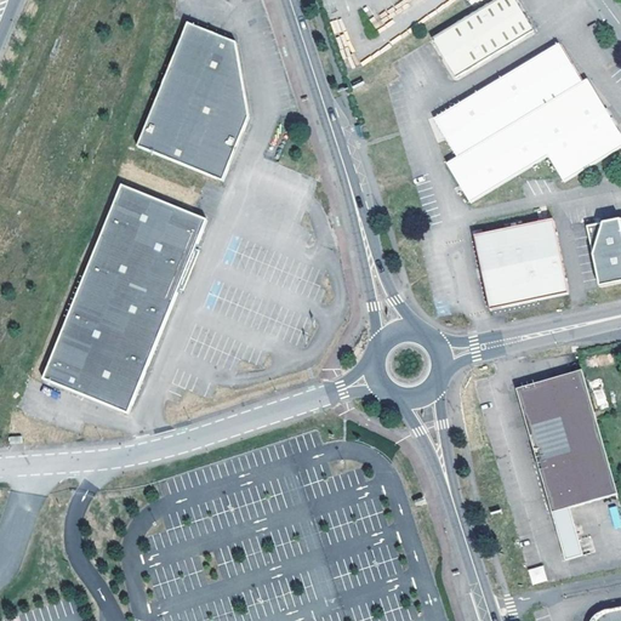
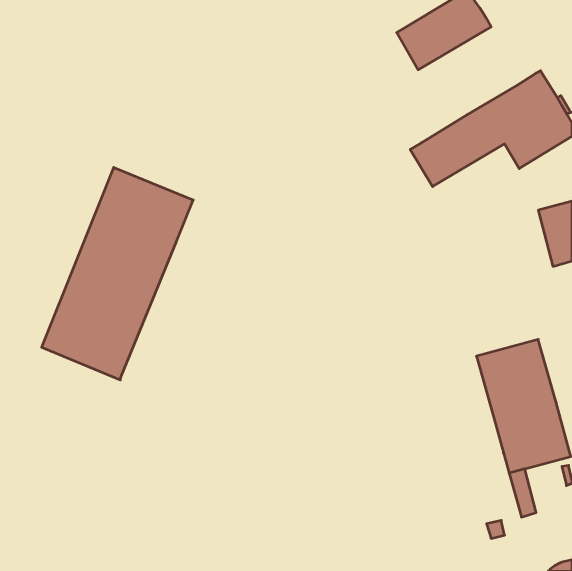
building: [138,18,250,177] -> none
building: [432,41,579,154] -> none
building: [472,220,568,313] -> none

